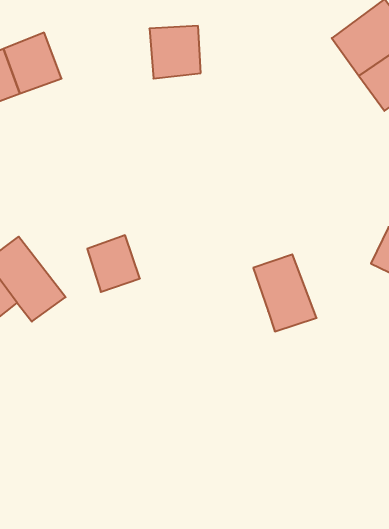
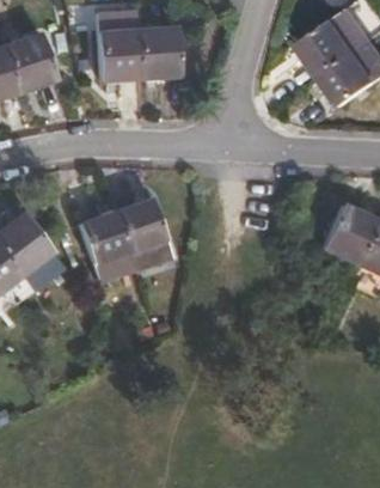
building: none -> [96,13,140,80]
building: [253,254,317,331] -> [115,202,171,270]

